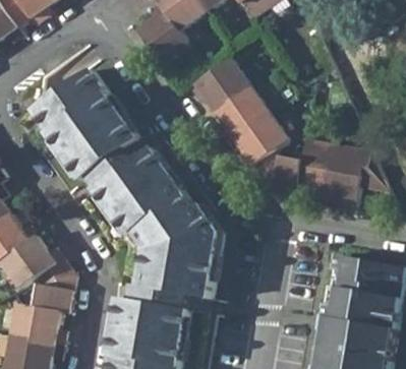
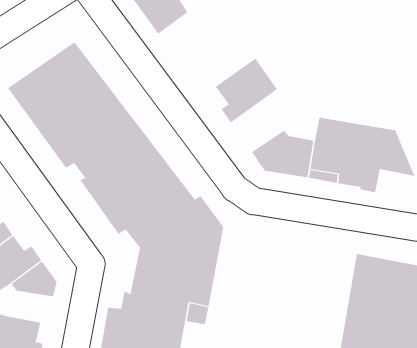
building: [186,57,247,110] -> none
building: [231,112,285,167] -> none
building: [33,288,71,316] -> none

